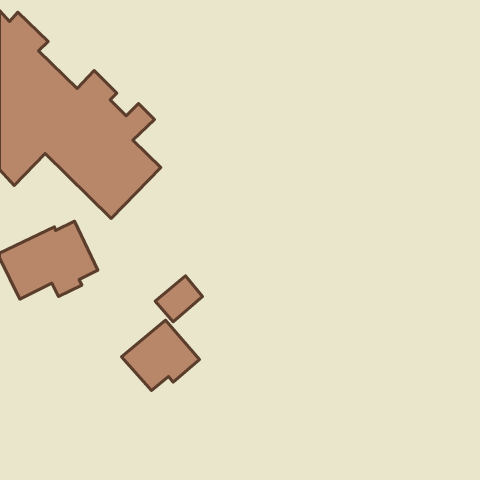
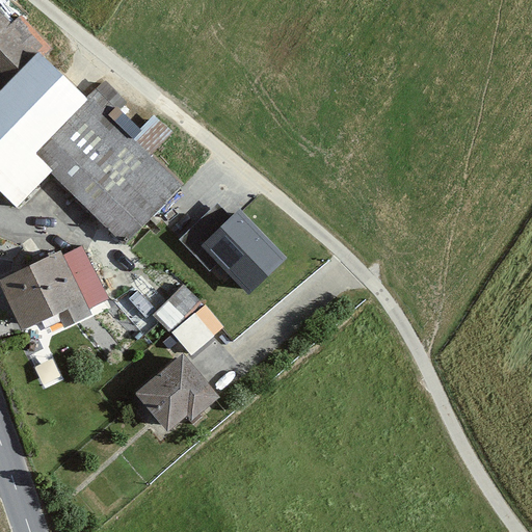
building: none -> [179,204,287,296]
building: none -> [151,286,200,334]

